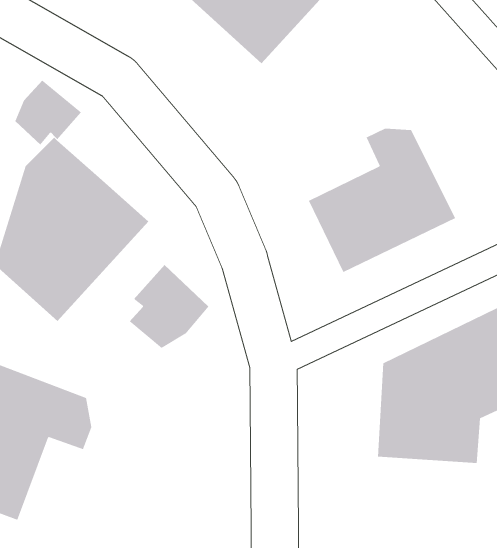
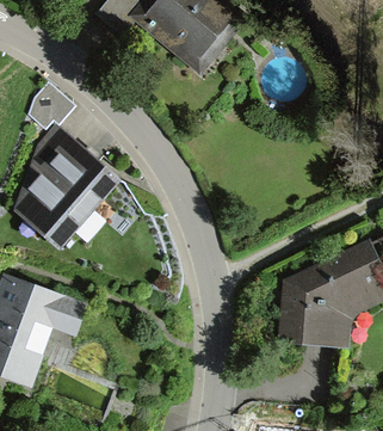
building: [308,128,456,273] -> none
building: [129,264,209,349] -> none

